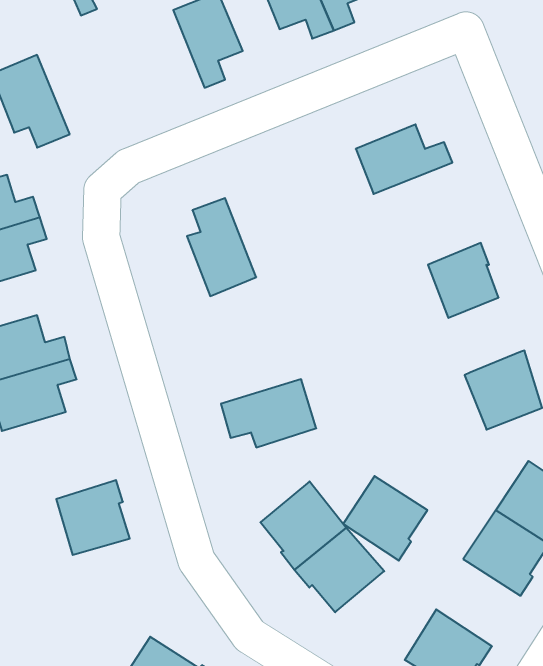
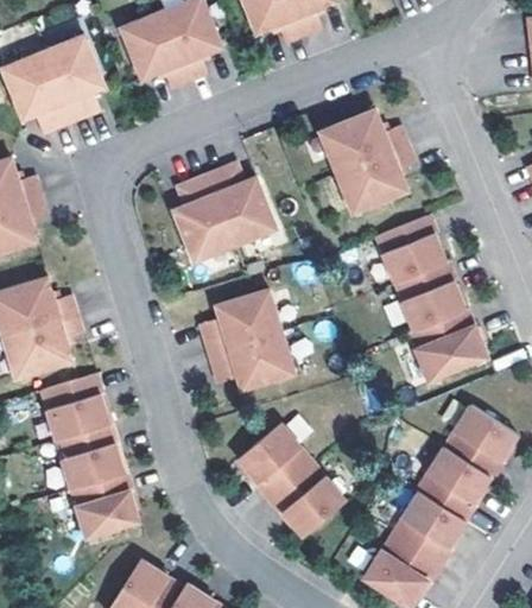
building: none -> [121,12,189,88]
building: none -> [43,34,104,120]
building: none -> [336,145,412,213]
building: none -> [207,164,276,245]
building: none -> [401,261,464,328]
building: none -> [194,292,273,355]
building: none -> [44,373,108,438]
building: [343,476,427,561] -> [391,493,464,566]
building: none -> [74,471,138,537]

